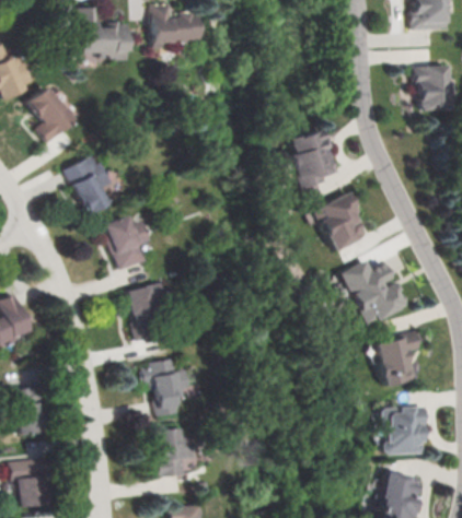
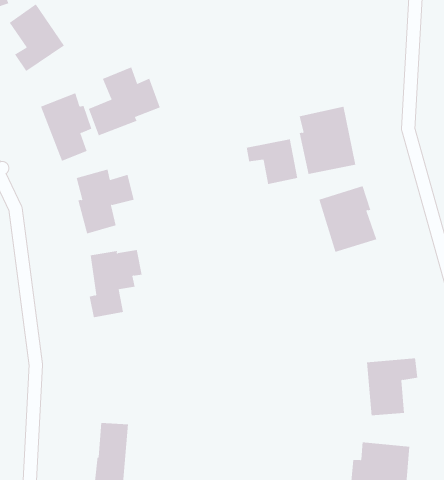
building: none -> [88,67,160,136]
building: none -> [246,138,298,185]
building: [338,261,405,327] -> none
building: [141,356,183,415] -> none

